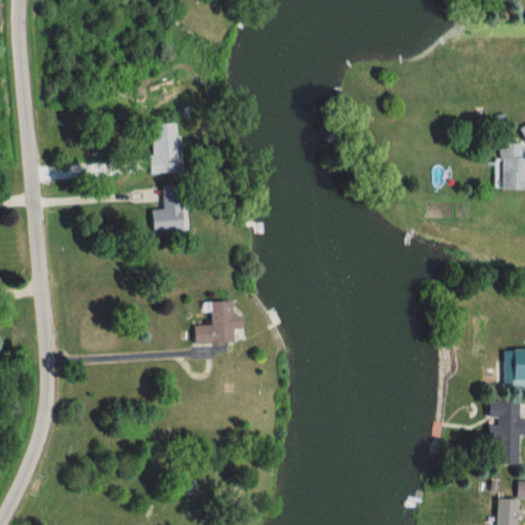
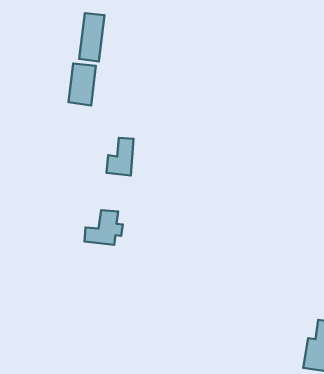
building: none -> [79,13,104,62]
building: [152,185,184,232] -> [107,138,134,176]

